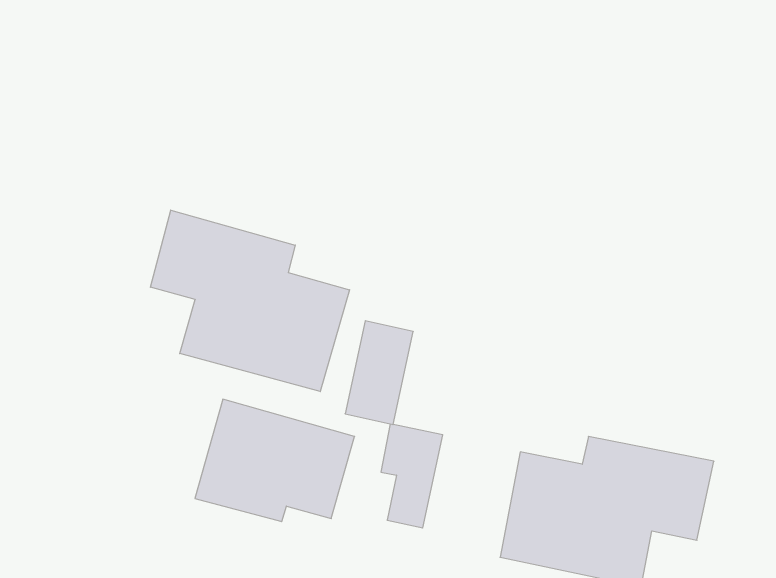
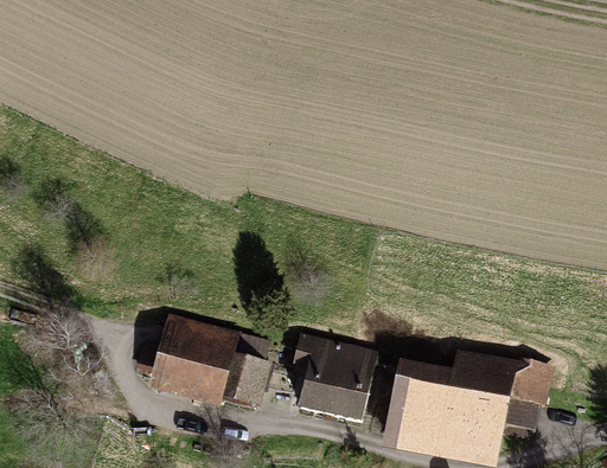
building: [150,210,350,392] -> none
building: [345,321,413,425] -> [325,344,377,423]

